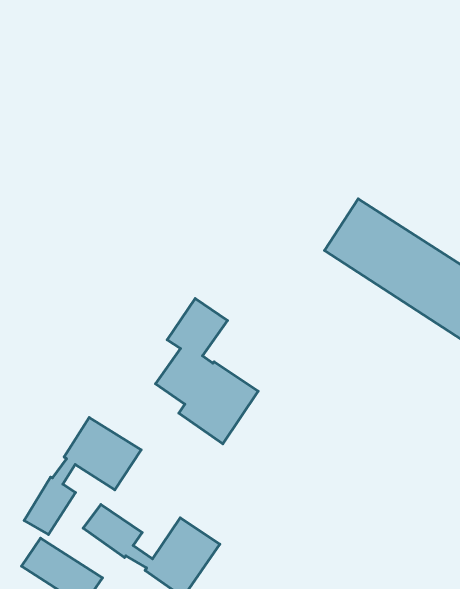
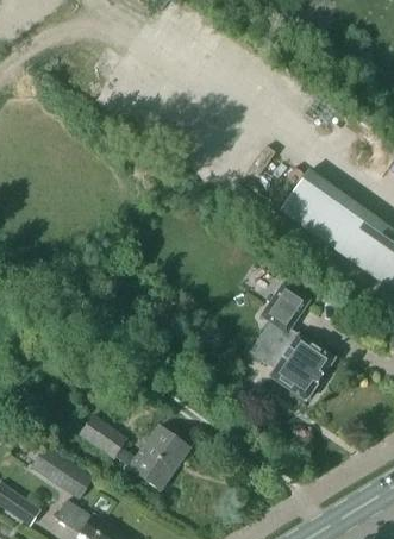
building: [155,299,258,444] -> [251,284,334,402]
building: [24,417,141,534] -> none

